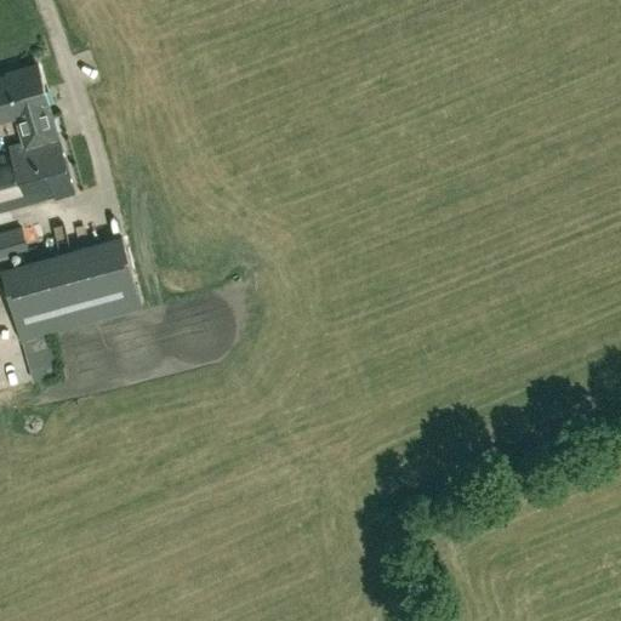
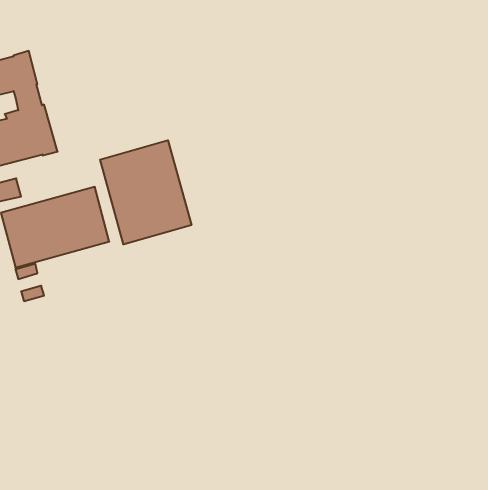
building: none -> [100,140,191,244]

